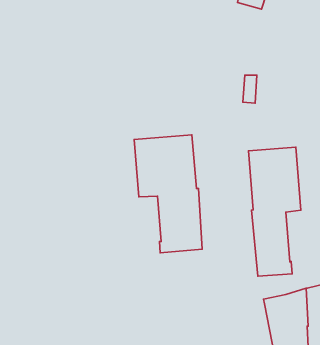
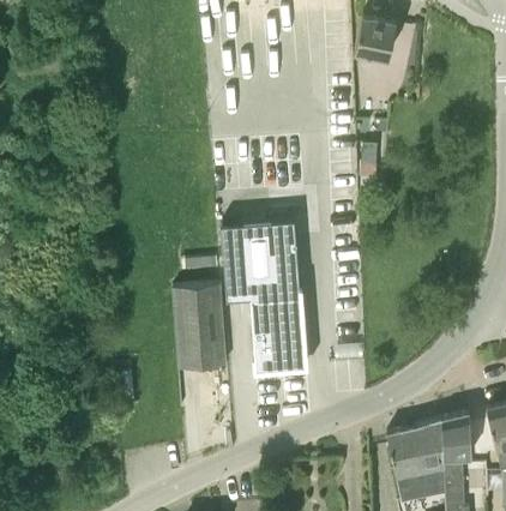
building: [249,147,301,276] -> none
building: none -> [173,285,228,369]

